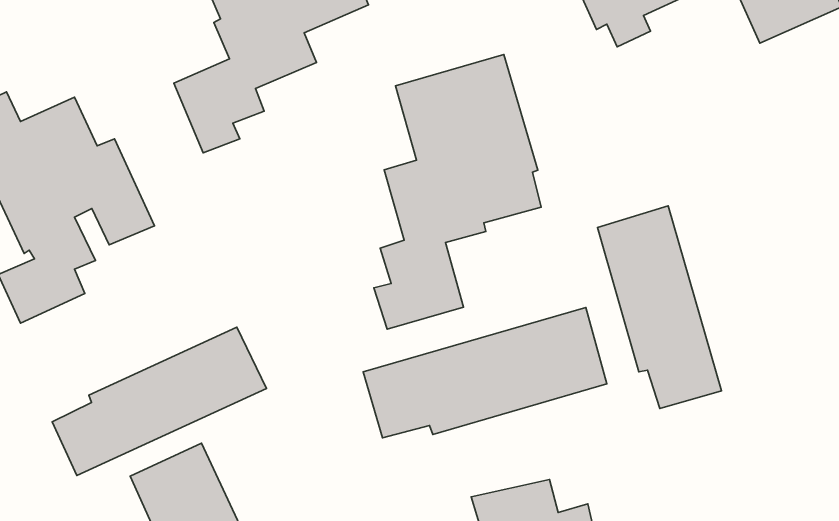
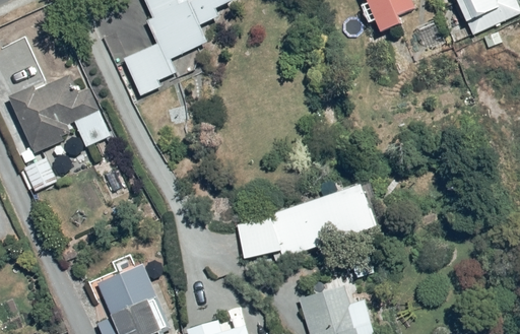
building: [374,54,541,329] -> none
building: [597,206,722,409] -> none
building: [52,327,266,476] -> none

